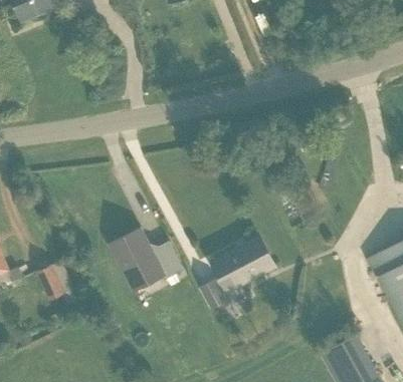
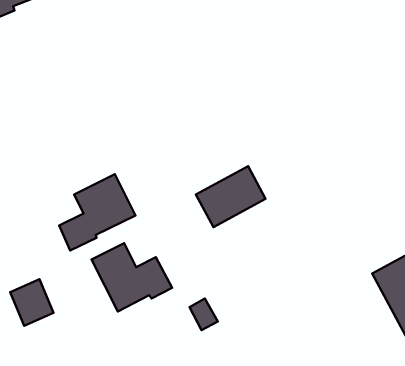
building: none -> [59,174,135,251]
building: [212,237,276,293] -> [196,166,266,227]

